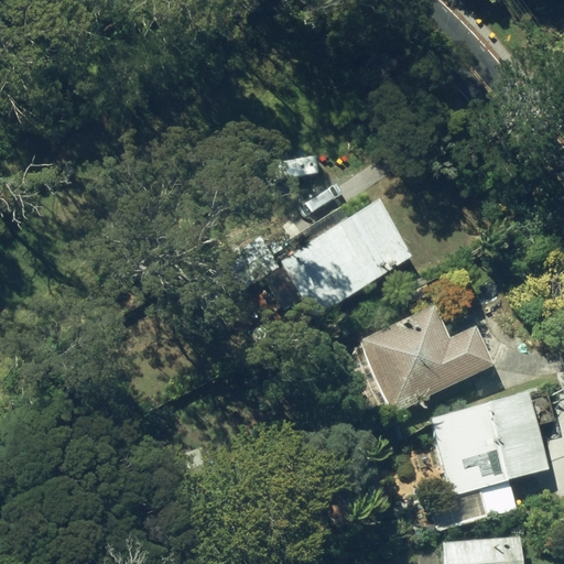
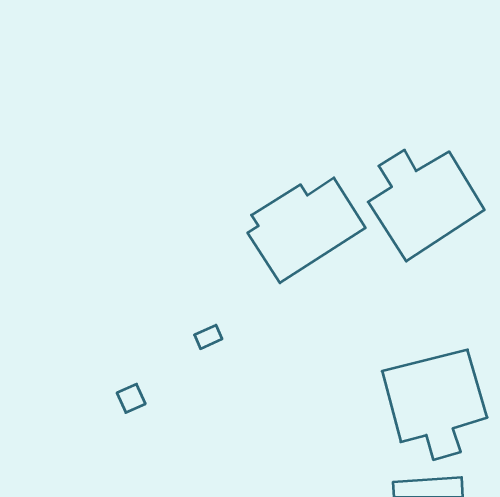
building: none -> [368,150,484,261]
building: [347,304,494,412] -> none

